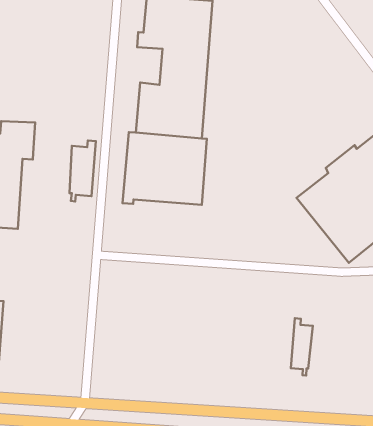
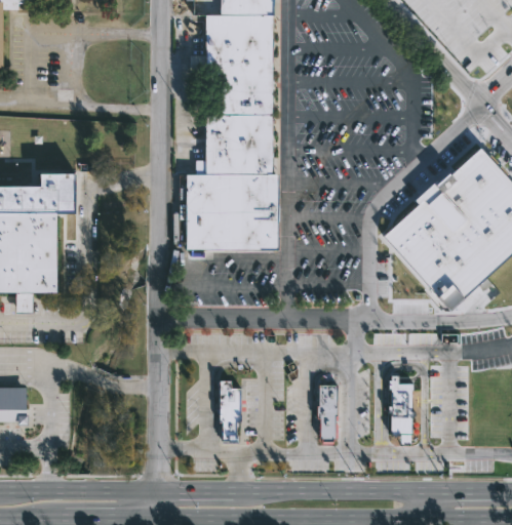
building: [69,141,96,201] -> none
building: none -> [222,381,244,444]
building: none -> [321,385,340,441]

